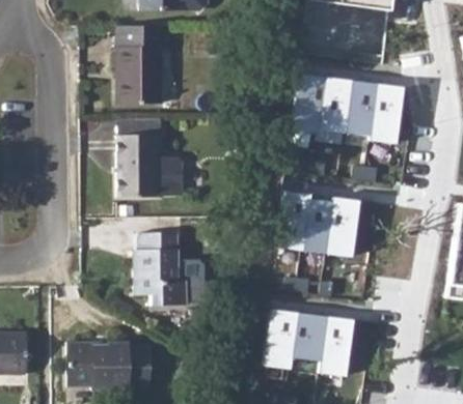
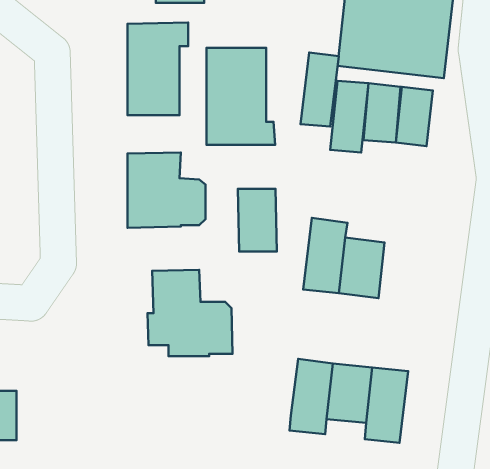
building: none -> [207,48,275,145]
building: [370,82,402,144] -> [300,52,339,127]
building: none -> [238,189,277,251]
building: [330,196,366,259] -> none
building: [70,341,153,388] -> none

